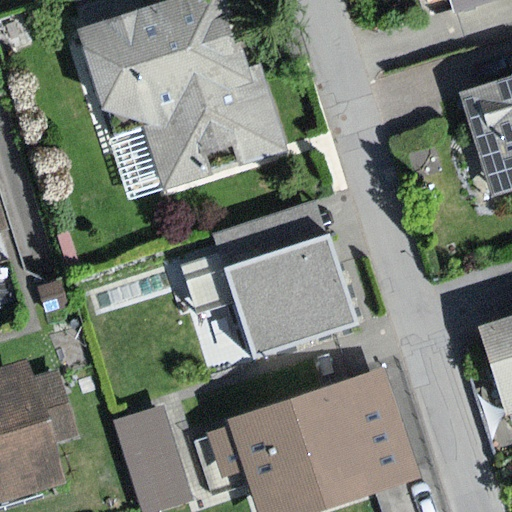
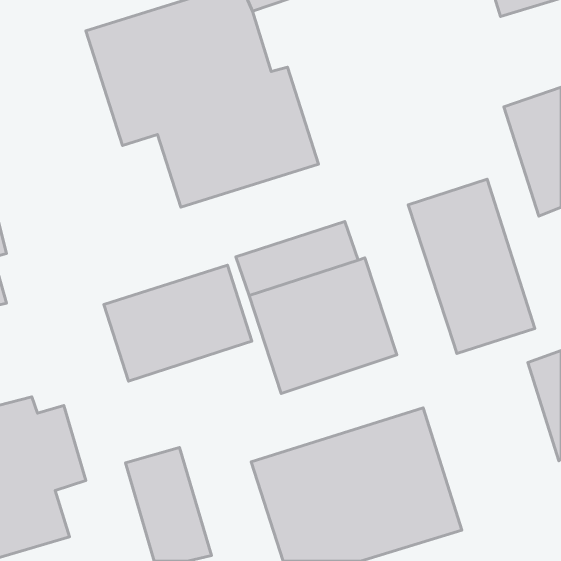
building: none -> [408,179,535,353]
building: none -> [104,265,252,381]

